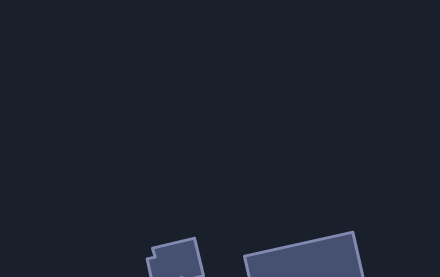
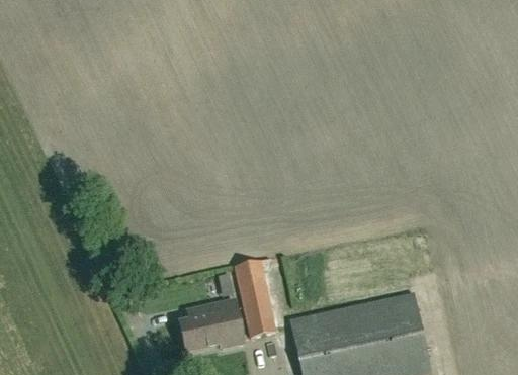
building: none -> [235,257,289,336]

